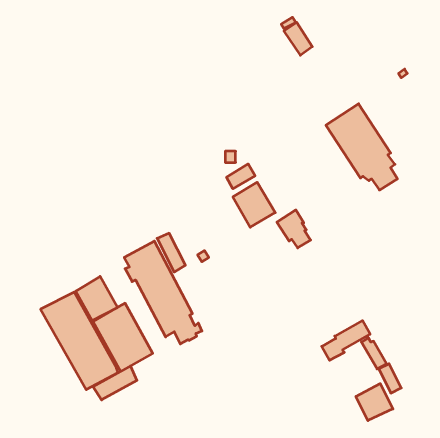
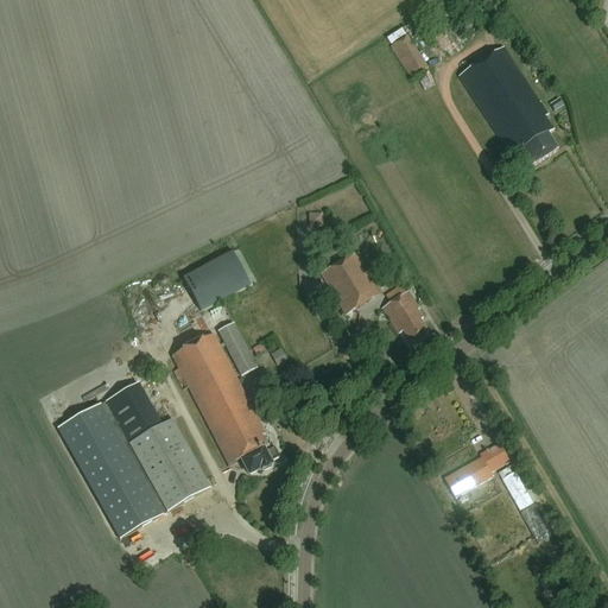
building: [326,104,397,190] -> [457,44,556,163]
building: [227,164,255,189] -> none
building: none -> [182,248,249,308]
building: [93,366,137,400] -> none
building: [356,384,393,421] -> none

